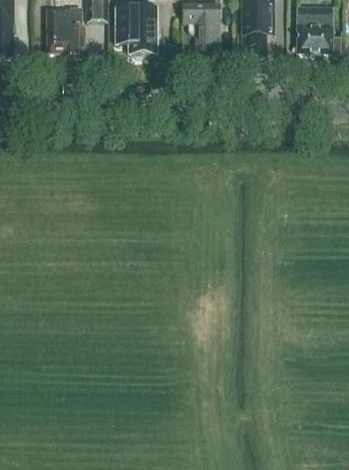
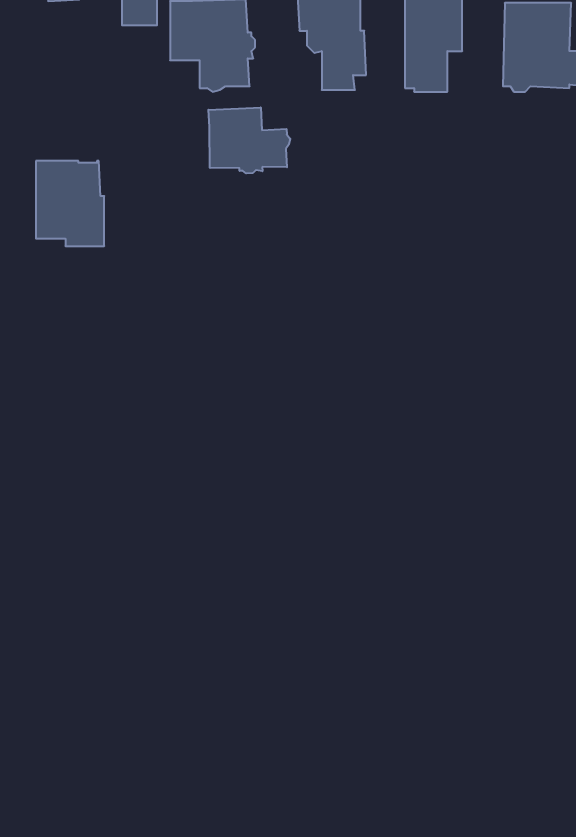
building: [48,7,85,54] -> [36,161,104,246]
building: none -> [208,107,290,173]

